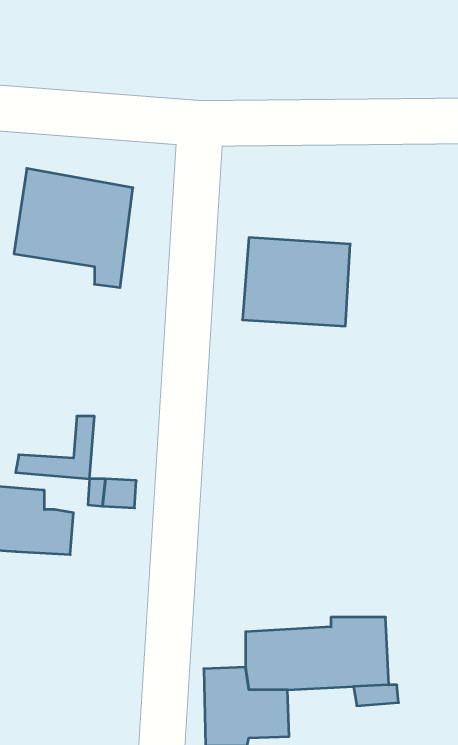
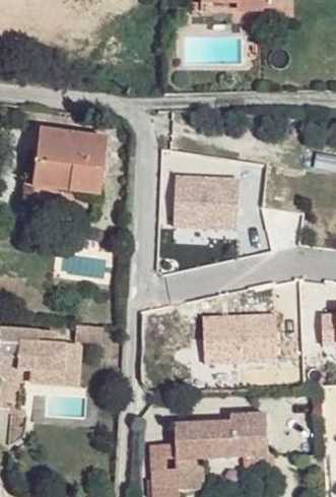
building: [16,416,94,479] -> [28,347,78,386]
building: none -> [204,312,279,363]

